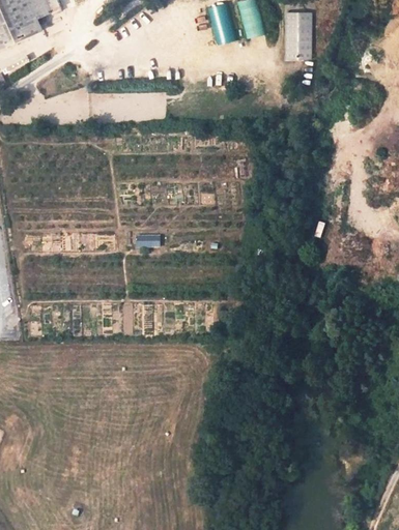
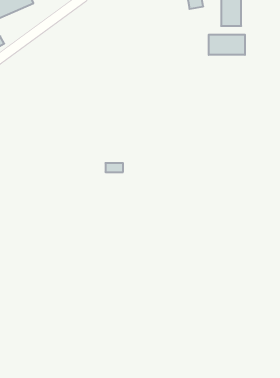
building: none -> [209,35,245,55]

